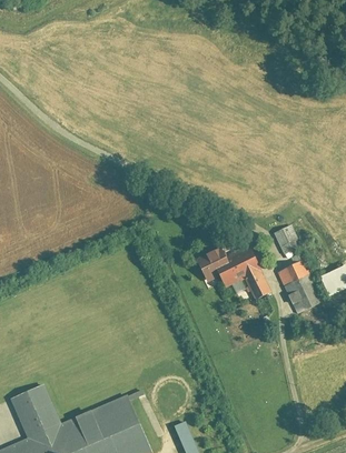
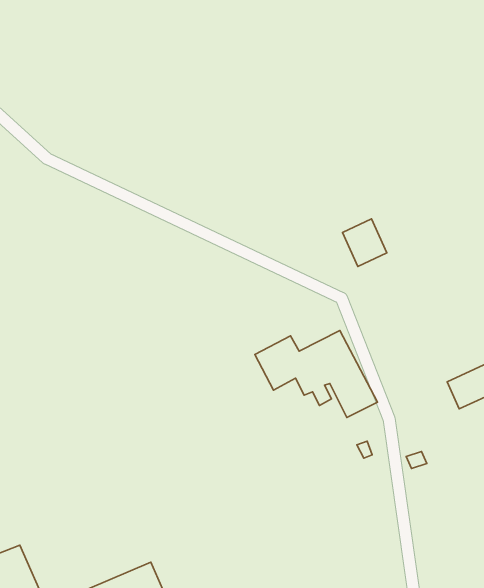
building: [271,224,300,255] -> [343,219,387,266]
building: [277,262,320,313] -> none

